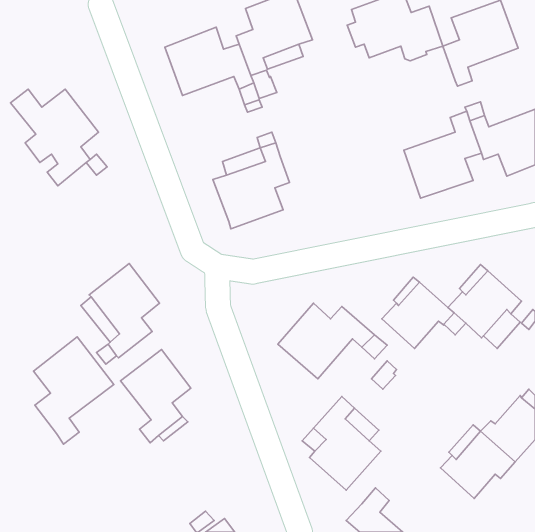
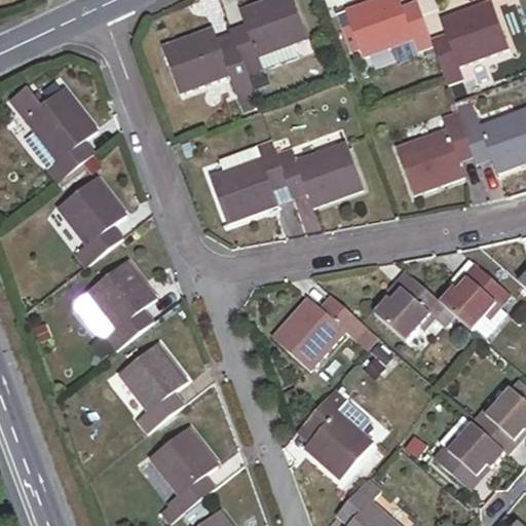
building: none -> [274,141,363,206]
building: none -> [57,176,125,266]
building: [34,337,114,444] -> none
building: none -> [150,426,218,517]

